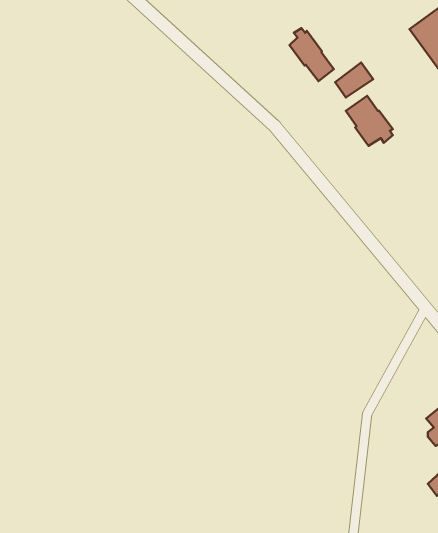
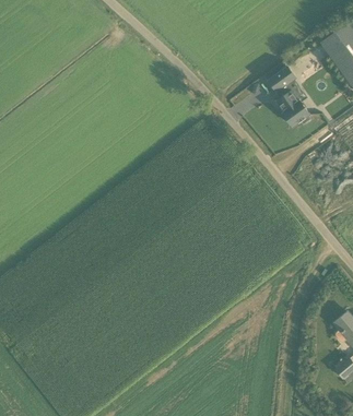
building: [289,28,334,81] -> none

